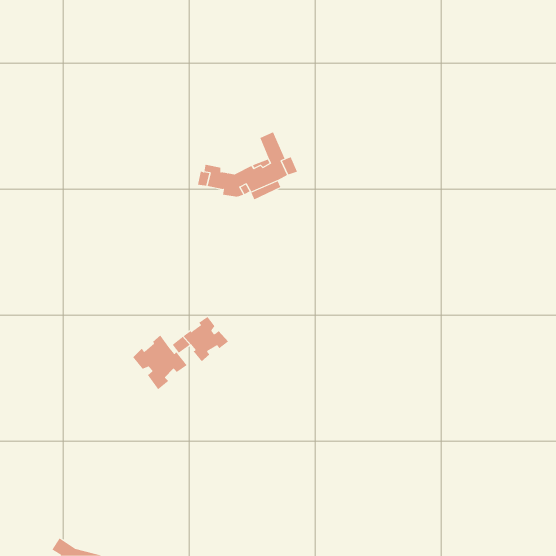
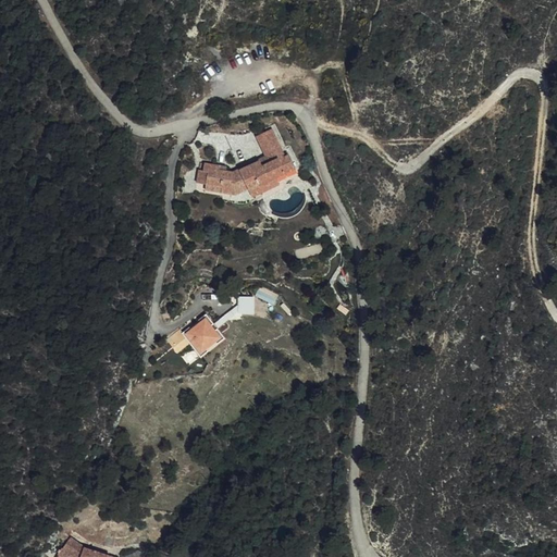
building: [132,334,188,390] -> none

